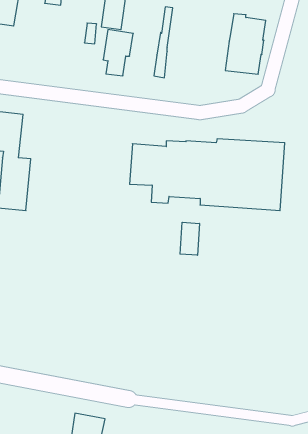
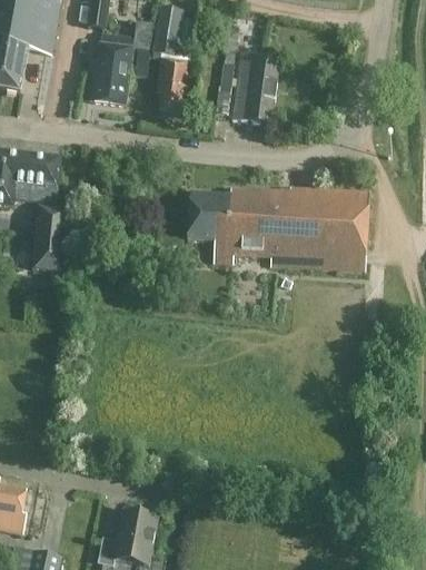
building: none -> [88,32,135,105]
building: [225,14,266,74] -> [231,51,279,122]
building: [180,222,199,255] -> none

